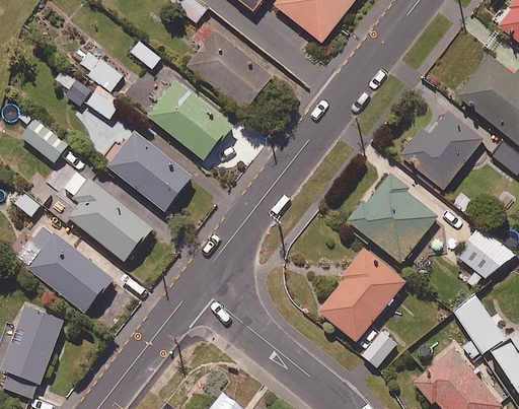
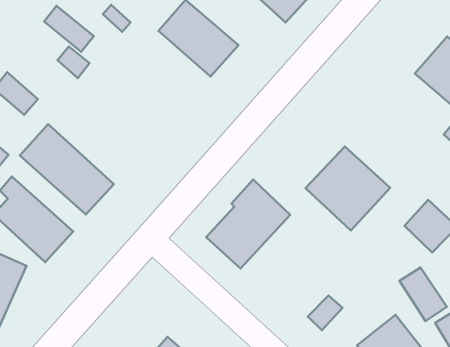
building: [148,80,231,159] -> none
building: [398,107,484,189] -> none
building: [107,130,193,210] -> none
building: [318,248,404,341] -> [206,180,290,268]

